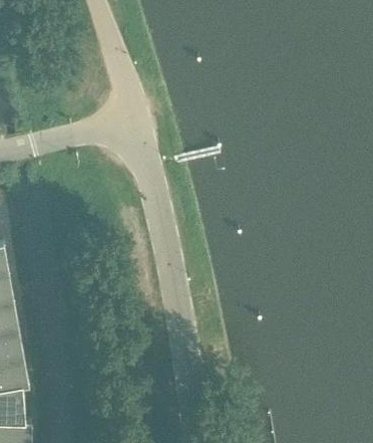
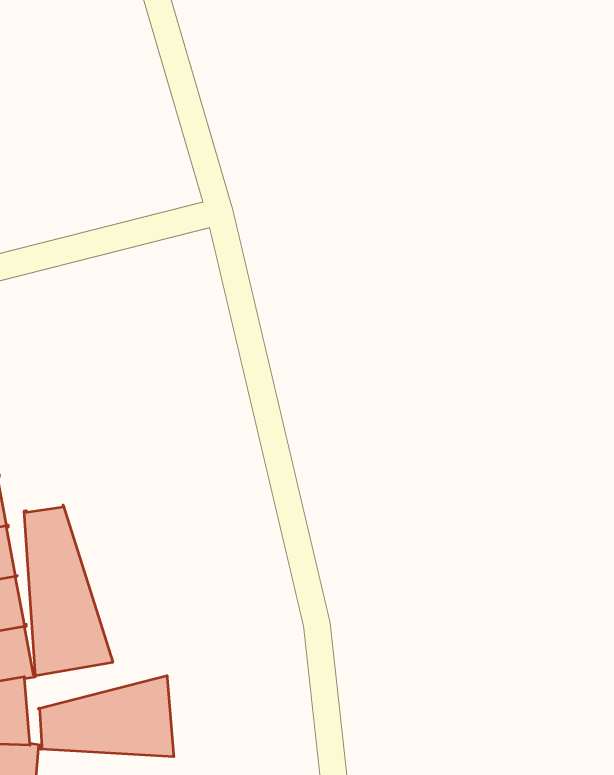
building: none -> [24,505,113,676]
building: none -> [38,676,174,757]

